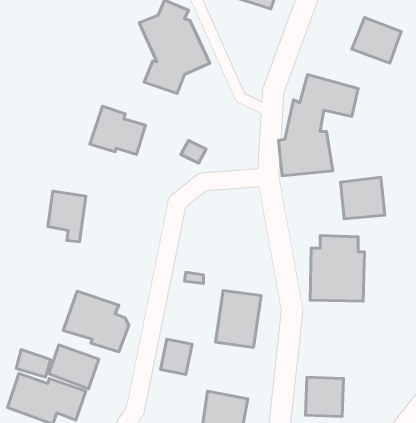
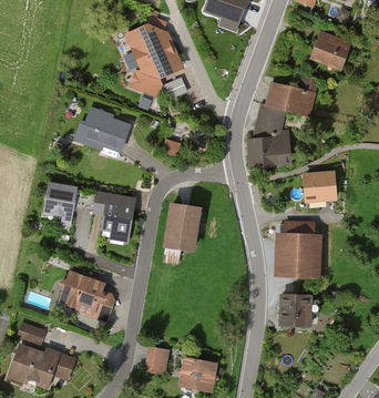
building: none -> [91,190,135,241]
building: [216,290,261,347] -> [162,202,202,252]
building: [161,339,192,374] -> [142,346,170,377]
building: [49,345,99,389] -> none
building: [306,377,344,417] -> [278,294,311,328]

